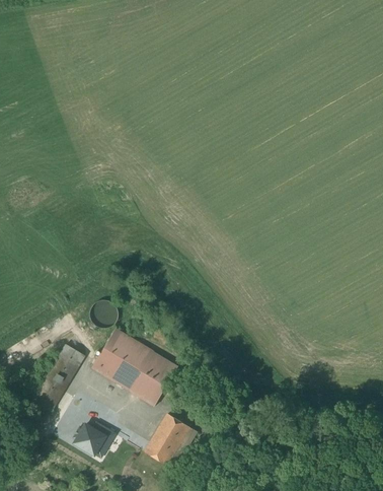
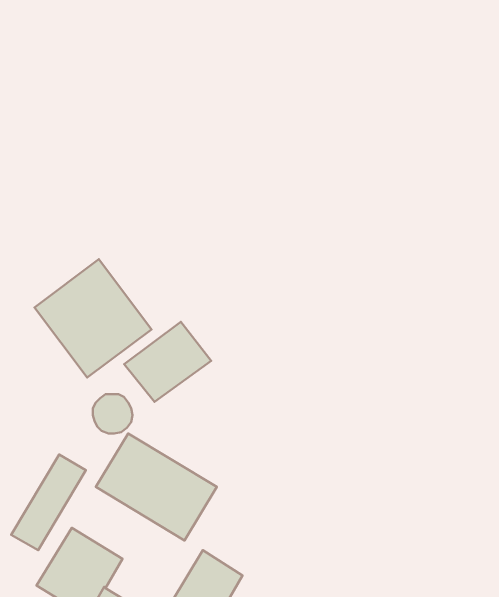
building: none -> [34,259,151,378]
building: none -> [124,322,211,402]

